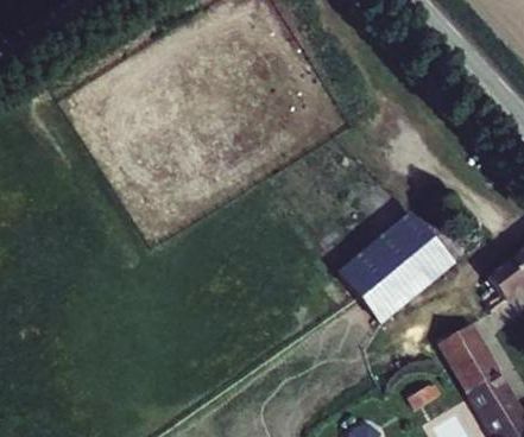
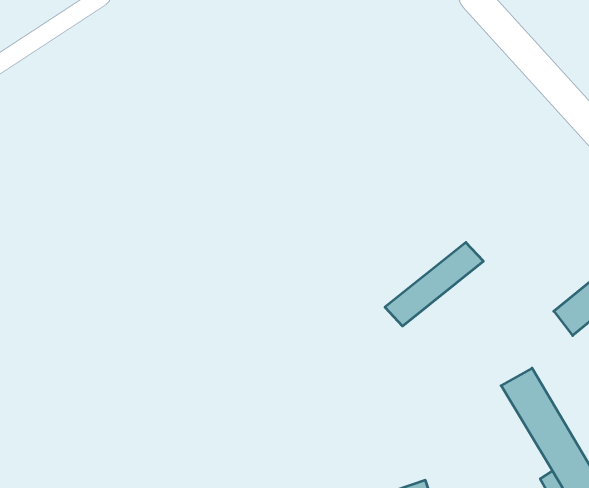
building: [356,230,454,321] -> none

